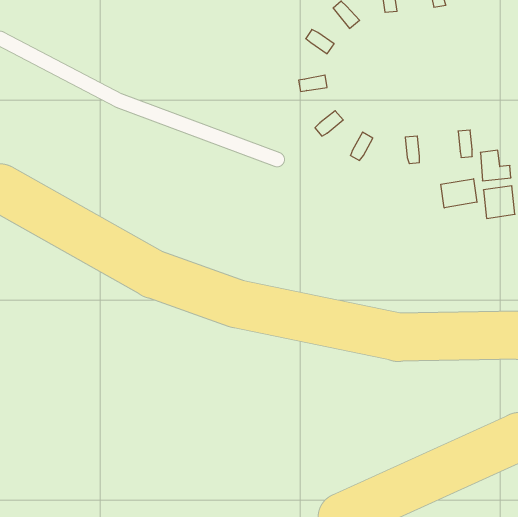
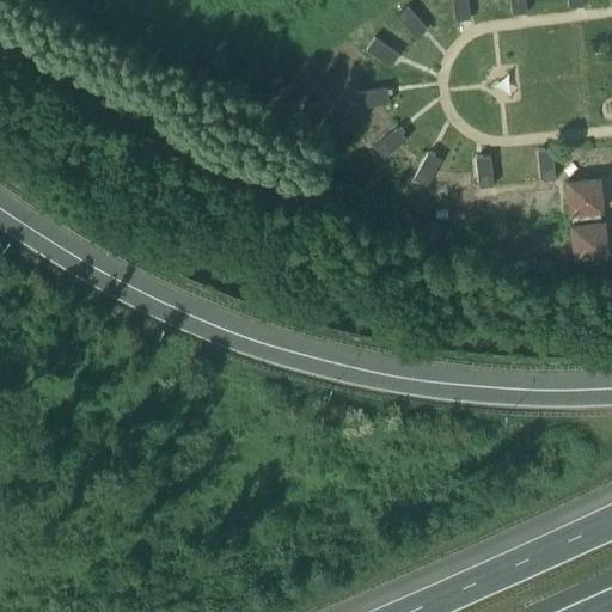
building: [441,179,477,208] -> none

